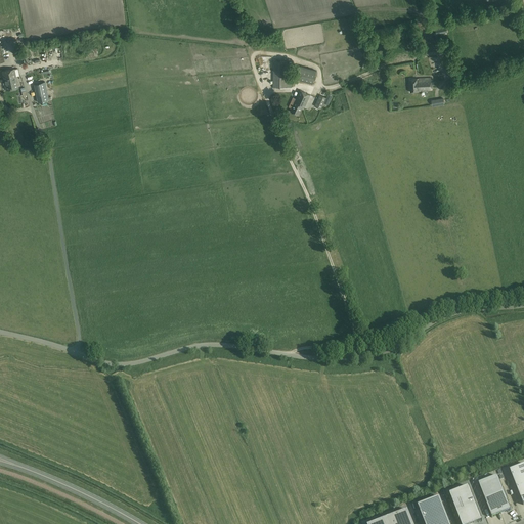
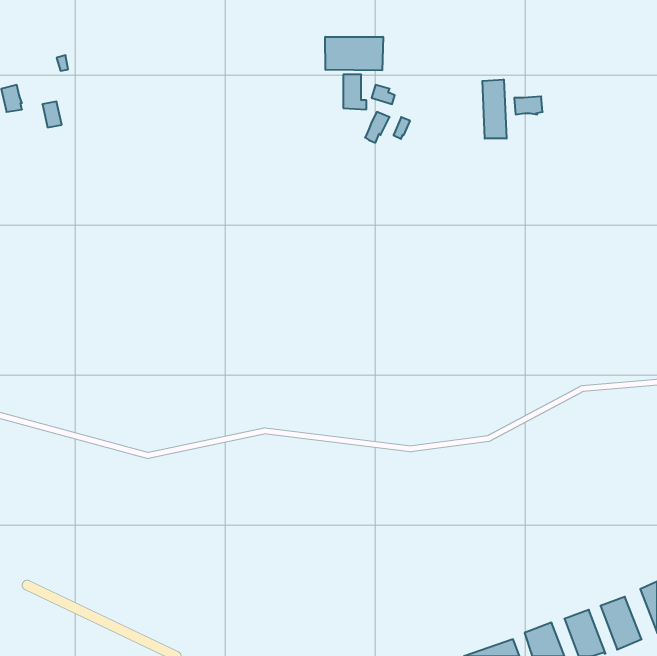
building: none -> [325,37,383,70]
building: none -> [482,79,507,139]

